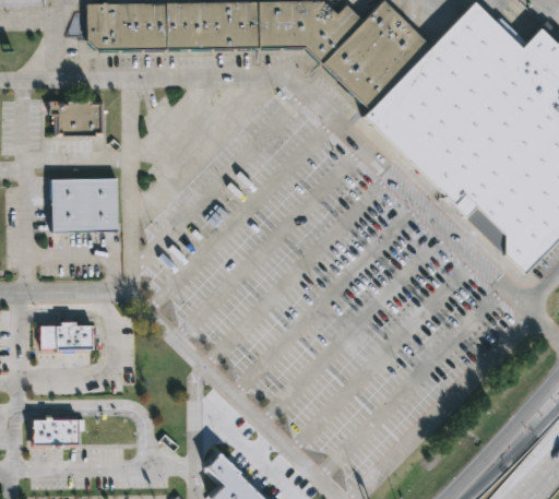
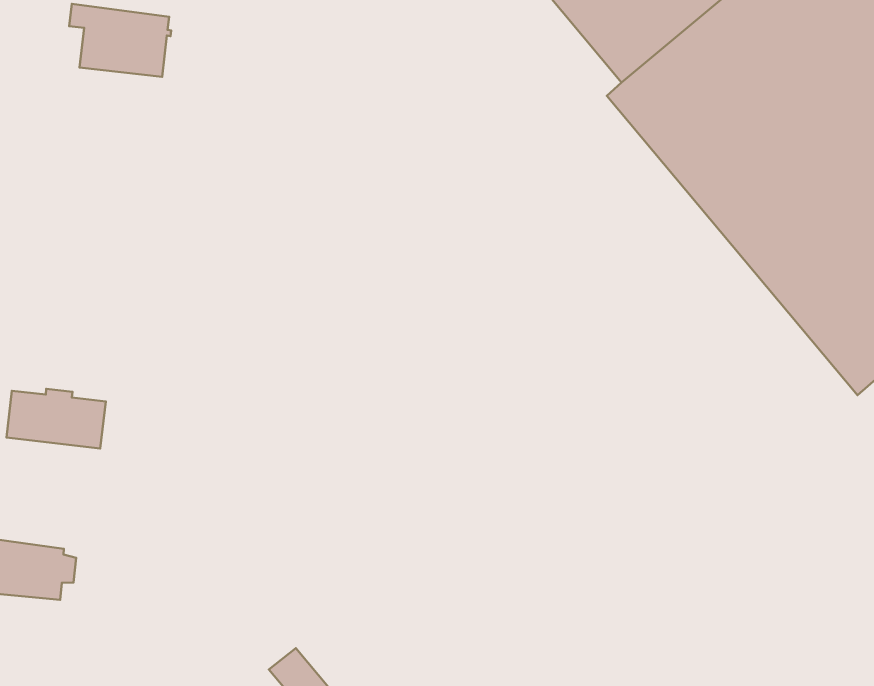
building: [50,179,119,233] -> none

